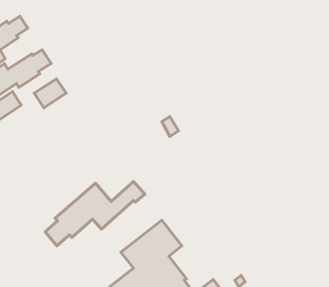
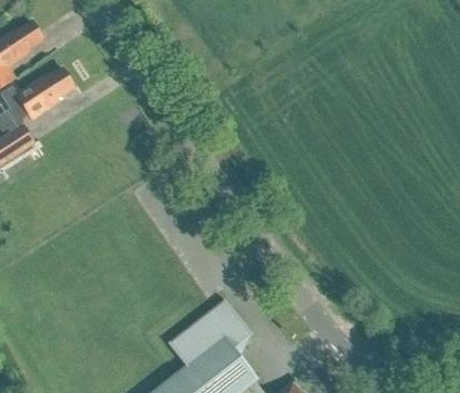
building: [34,79,66,108] -> none
building: [45,182,145,246] -> none

